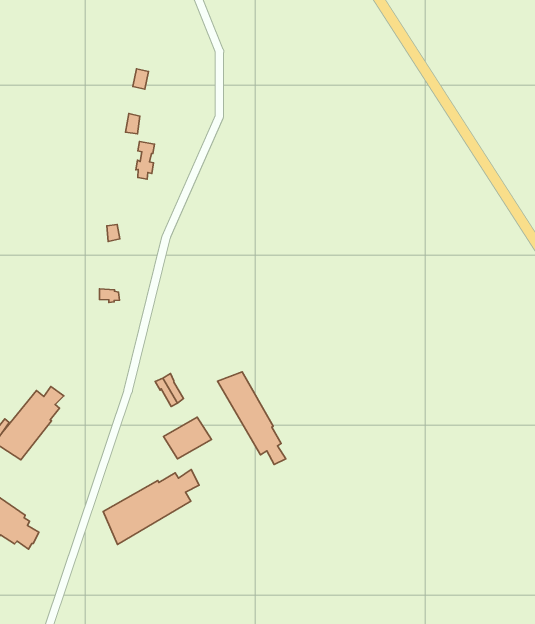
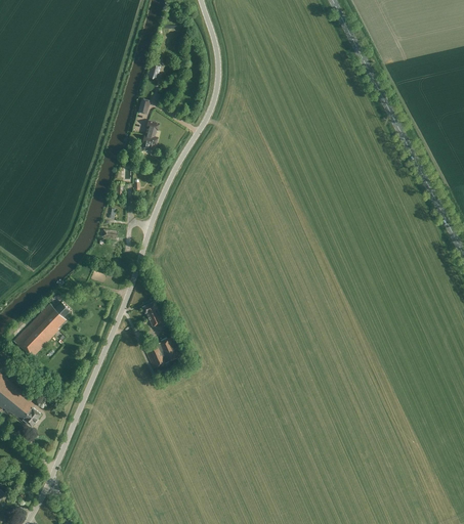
building: [217,372,286,464] -> none
building: [103,469,199,545] -> none

